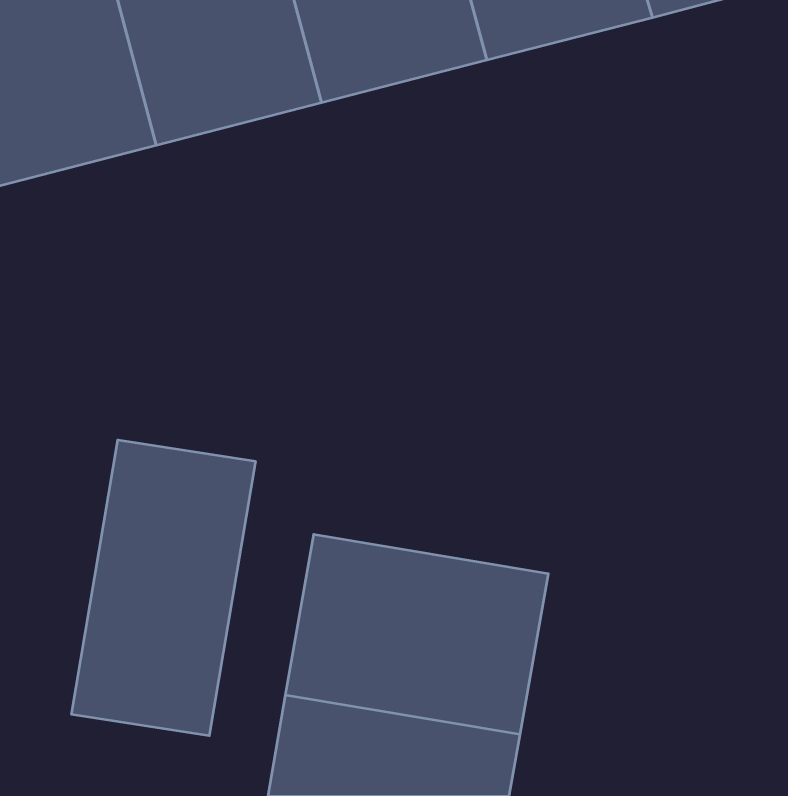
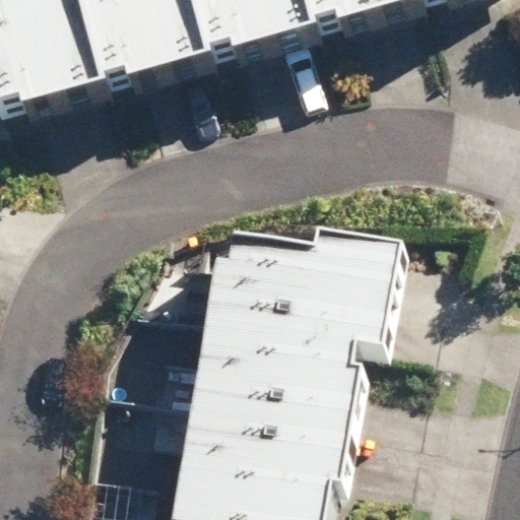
building: none -> [202,241,398,370]
building: [72,440,255,736] -> none

